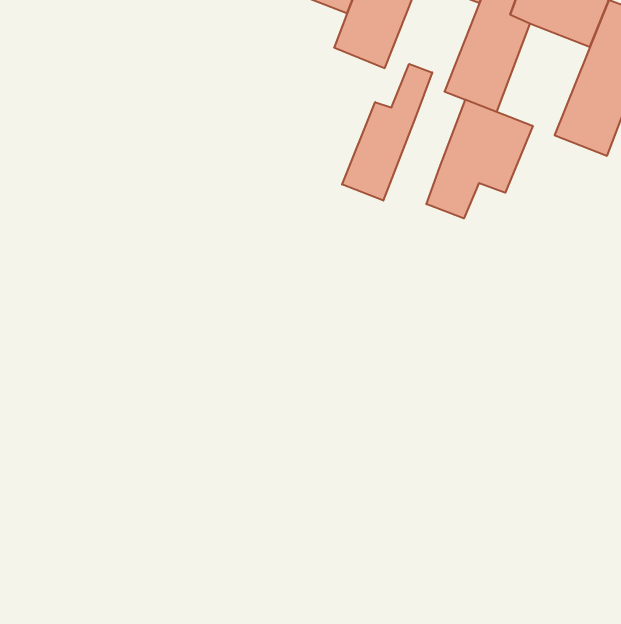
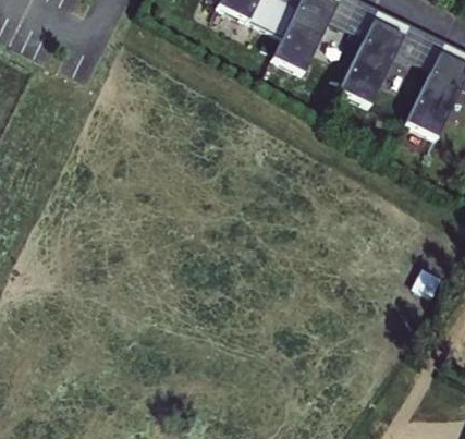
building: [342,64,432,201] -> none
building: [426,100,533,218] -> none

